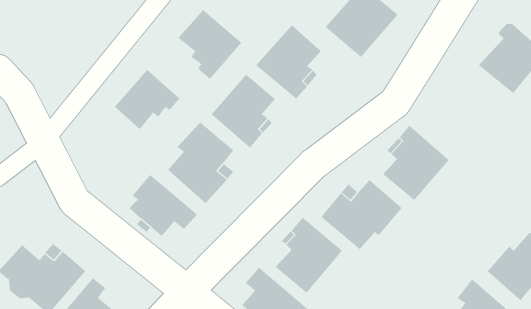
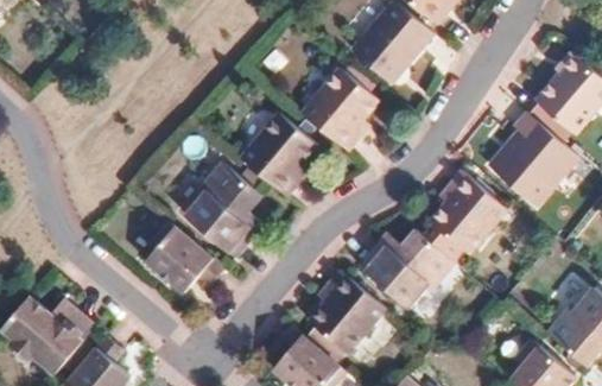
building: [178,9,242,80] -> none
building: [114,69,180,130] -> none
building: none -> [489,112,579,204]

